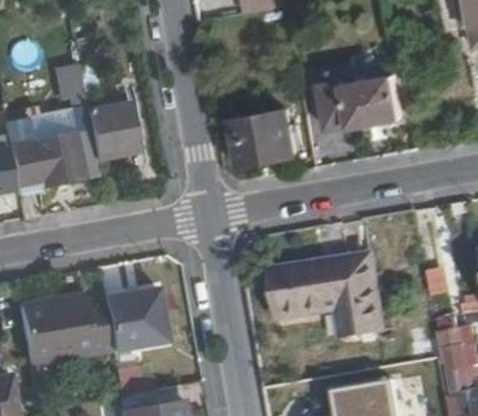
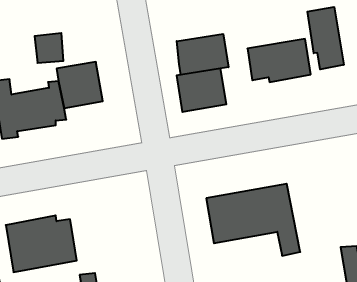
building: none -> [307,7,344,69]
building: none -> [177,34,228,75]
building: [98,287,164,352] -> none

